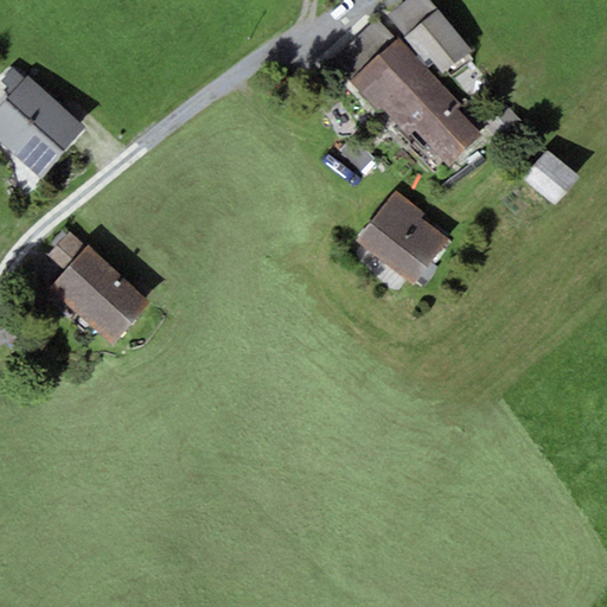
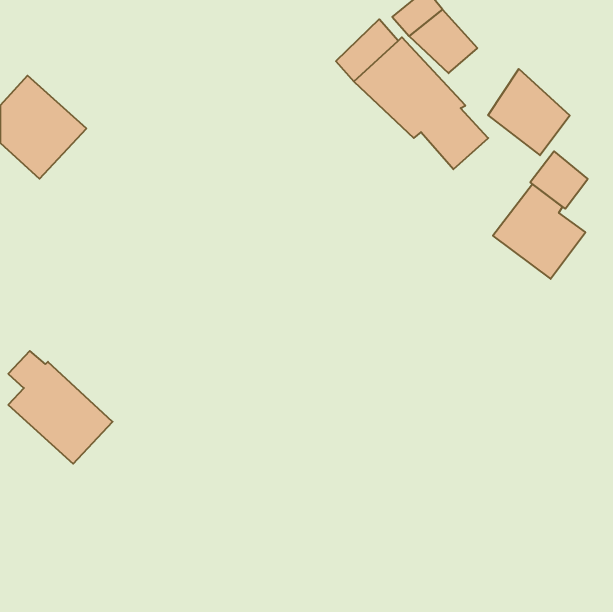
building: none -> [488,69,570,155]
building: [356,190,447,283] -> [493,184,585,279]
building: [47,232,151,344] -> [8,351,113,464]

